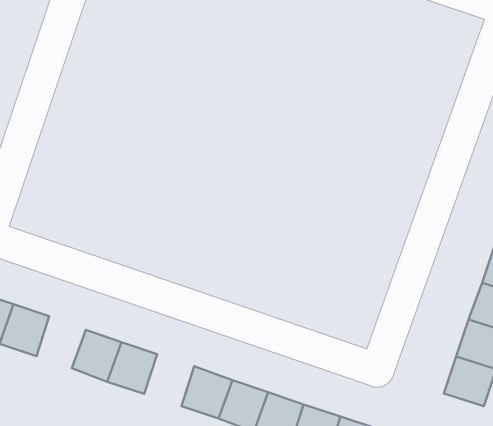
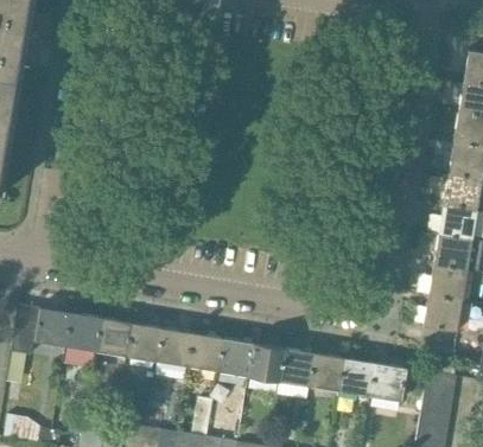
building: none -> [100,319,135,357]
building: none -> [190,334,225,372]

